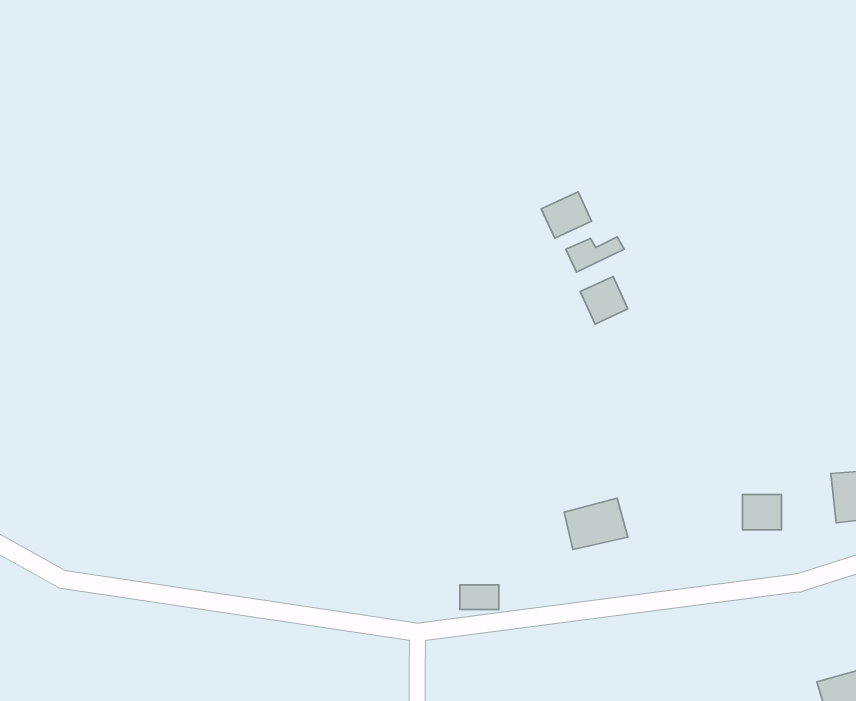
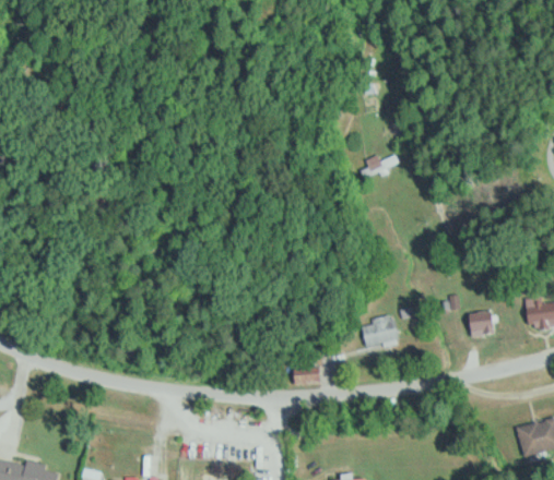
building: [541,192,592,238] -> none
building: [580,276,628,324] -> none

